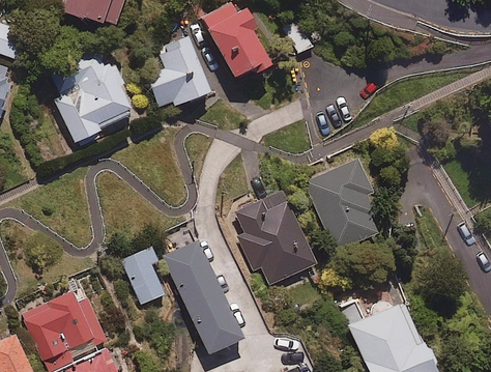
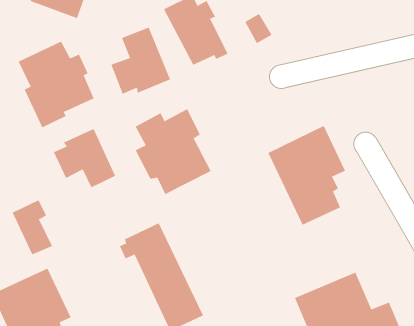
building: none -> [53,128,116,188]
building: [243,193,323,283] -> [135,109,211,195]
building: [121,247,164,305] -> [12,200,53,255]

